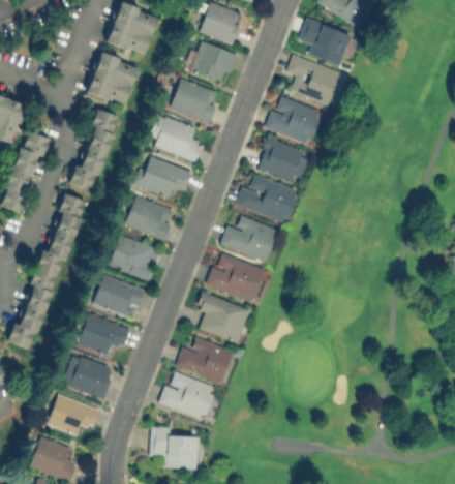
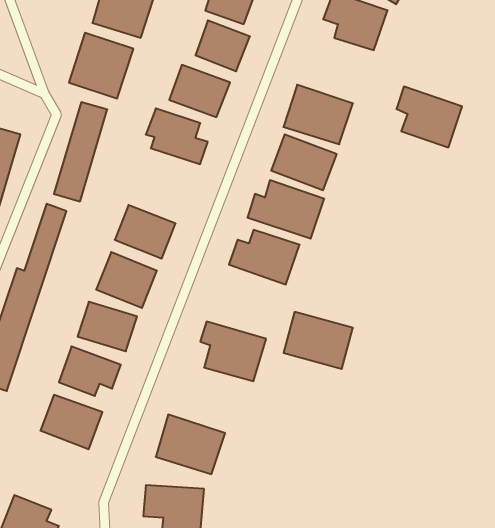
building: [285,55,340,105] -> [396,87,462,147]
building: [133,156,191,198] -> none
building: [206,253,264,301] -> [284,312,353,369]
building: [174,337,233,384] -> none
building: [47,394,98,435] -> none

